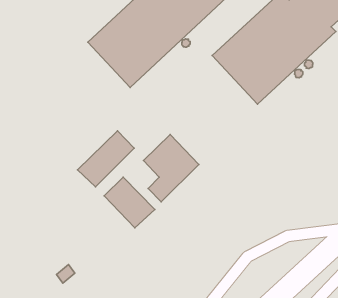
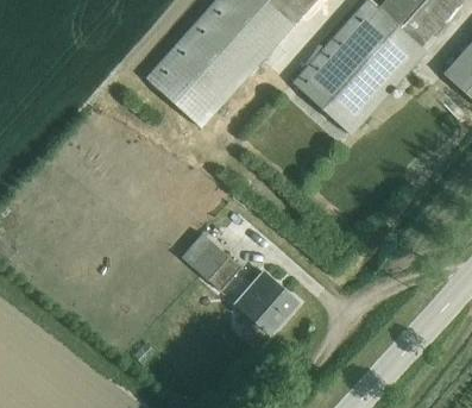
building: [78,131,134,187] -> none
building: [144,135,199,202] -> [234,270,300,350]

